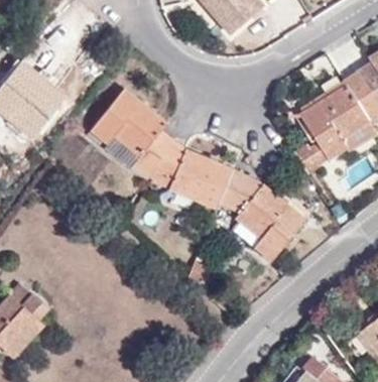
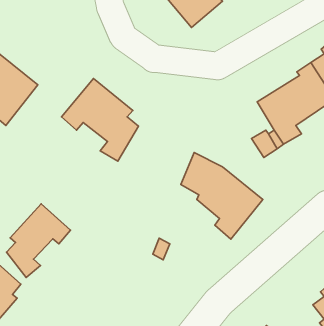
building: [151,140,233,209] -> none
building: none -> [7,204,71,277]

